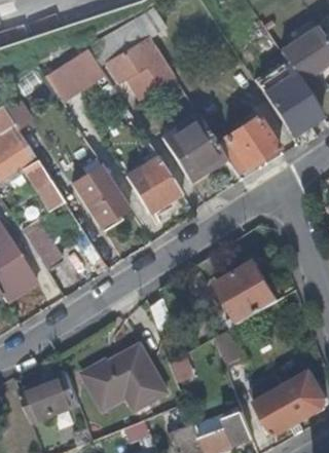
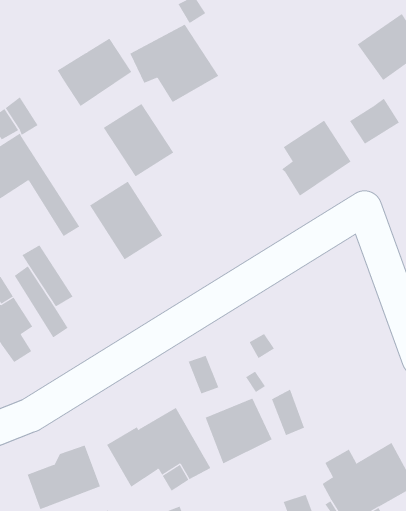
building: [257,72,296,115] -> none
building: [167,120,225,178] -> none
building: [126,156,183,215] -> [103,103,174,177]
building: [216,259,279,322] -> none

